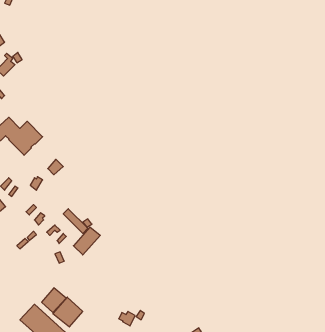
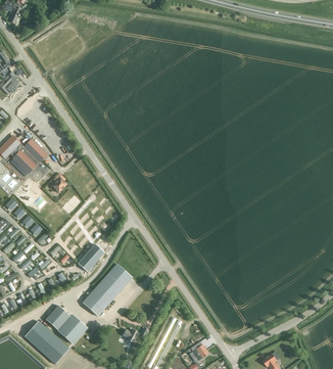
building: none -> [82,264,131,316]

